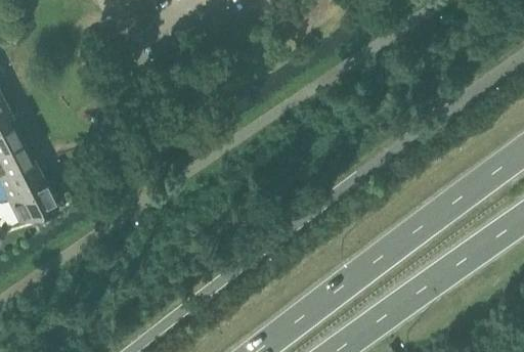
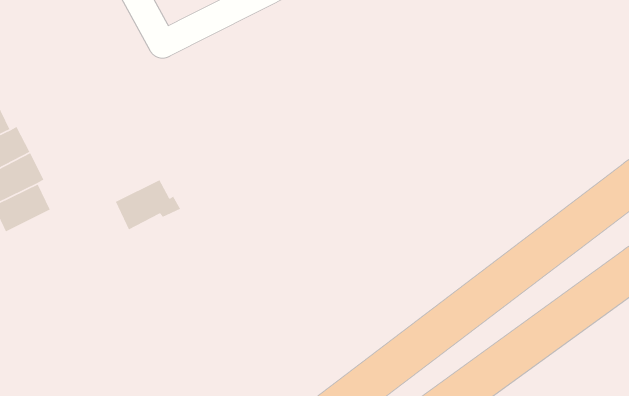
building: [6,181,60,223] -> [115,179,181,230]

